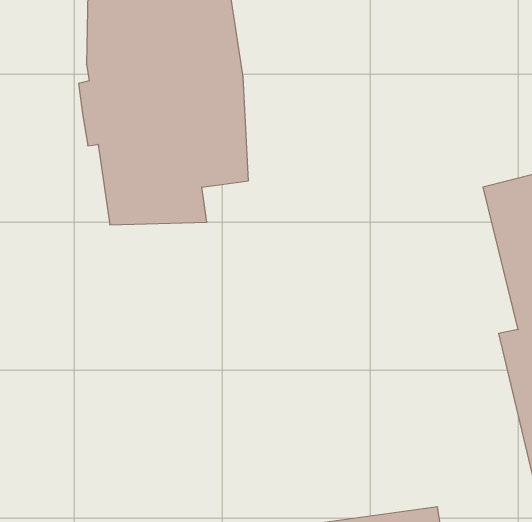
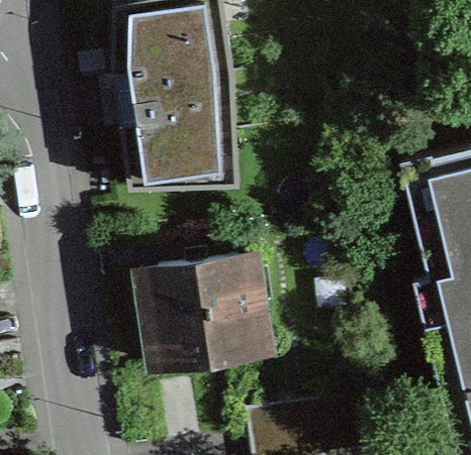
building: none -> [145,258,271,368]

